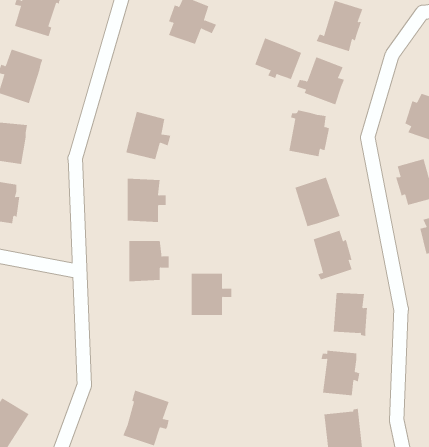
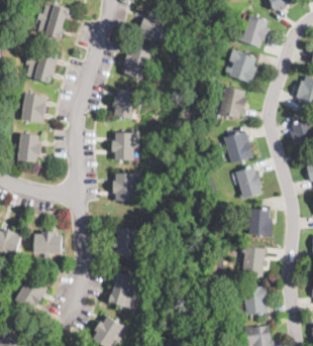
building: [255,38,302,80] -> none
building: none -> [121,47,152,81]
building: [191,273,232,316] -> [114,229,141,257]
building: none -> [34,232,62,258]

